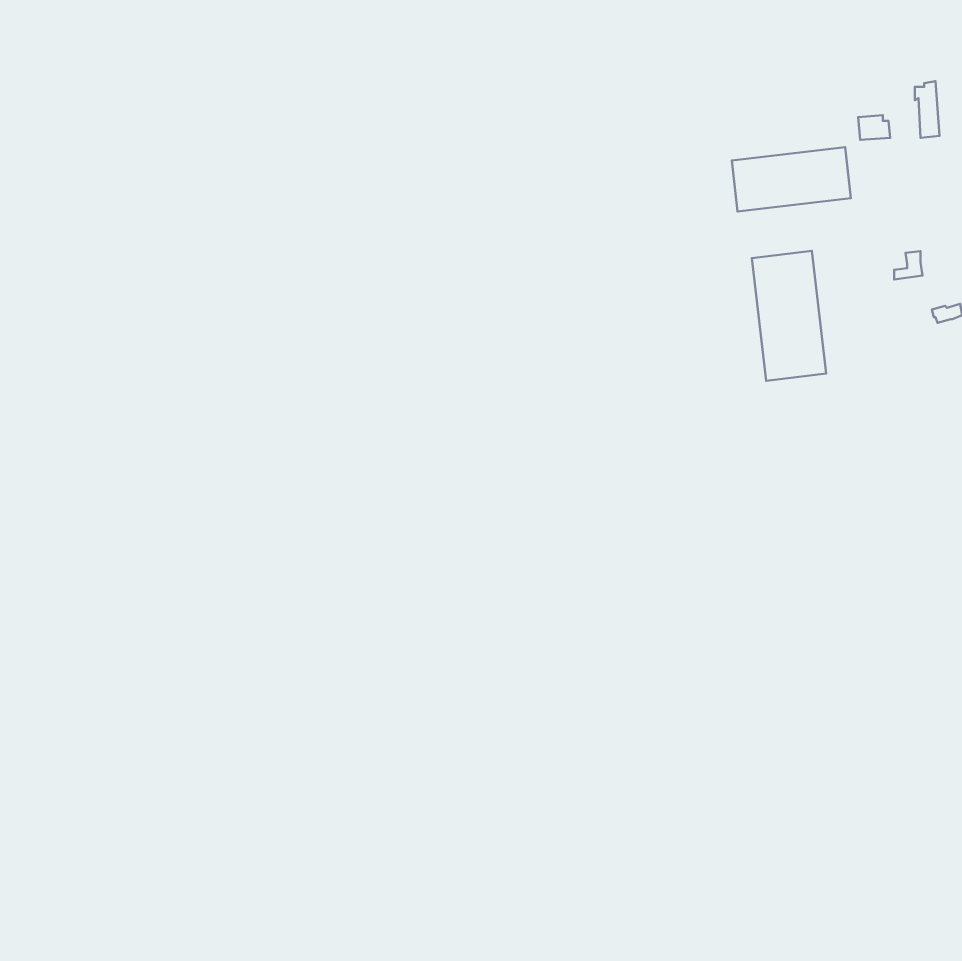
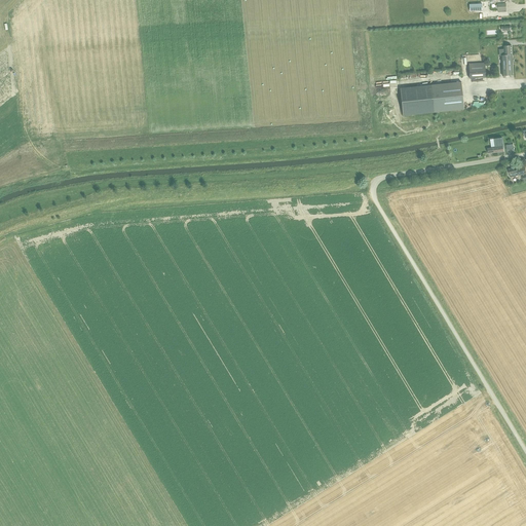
building: [752,251,826,381] -> none

